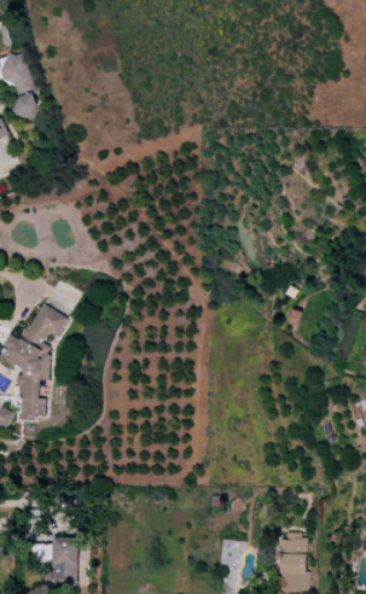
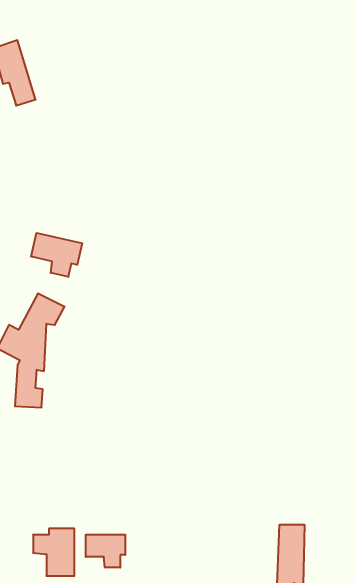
building: none -> [31,233,82,277]
building: none -> [86,535,125,568]

